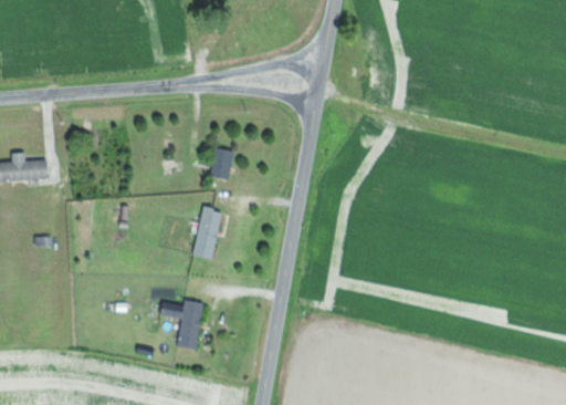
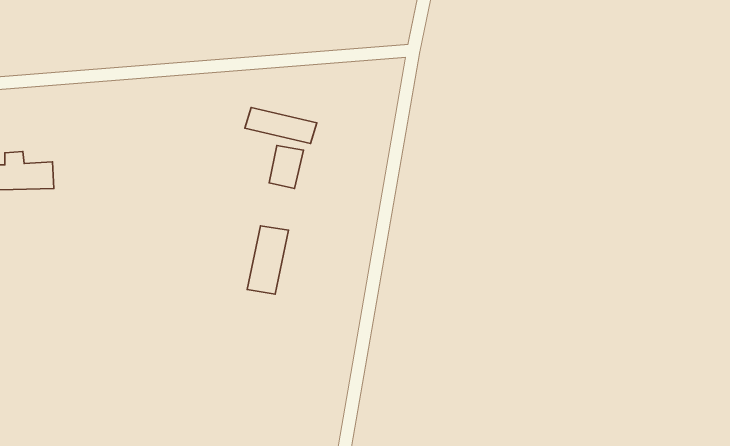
building: none -> [245,108,317,143]
building: [161,301,202,350] -> none

